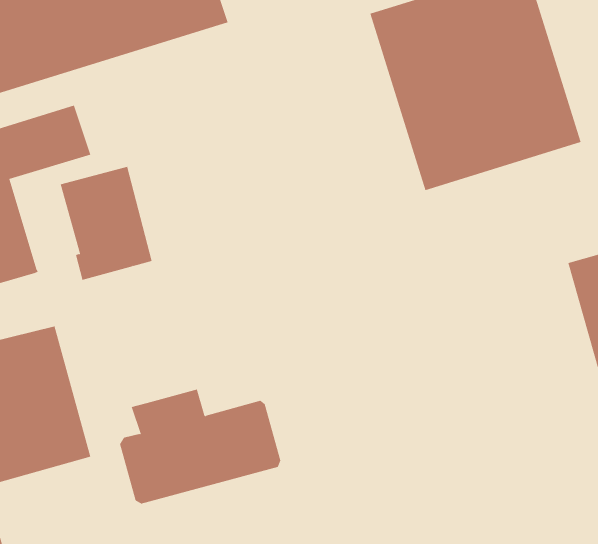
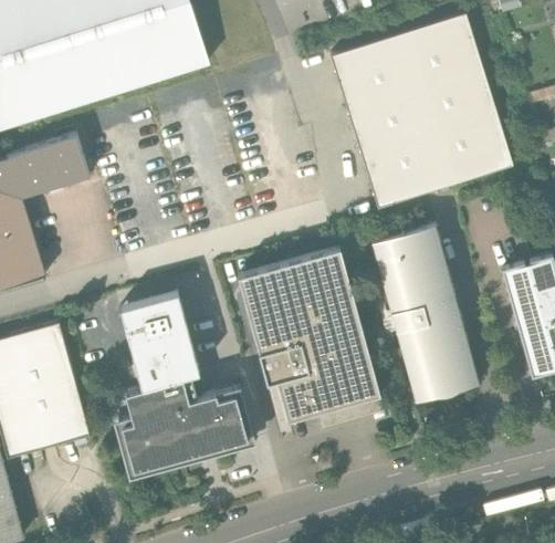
building: [60,166,152,281] -> [118,291,198,389]
building: none -> [371,224,477,400]
building: none -> [237,247,385,432]

